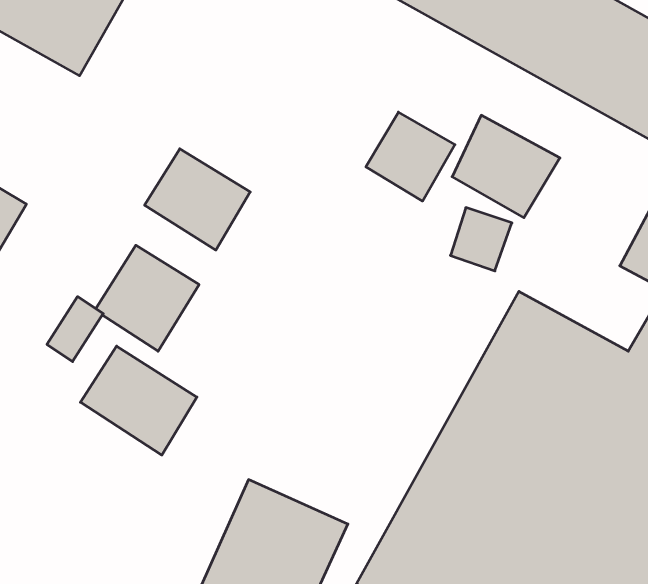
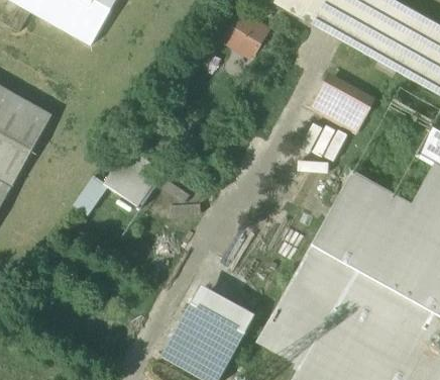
building: [366,112,455,201] -> [218,6,270,59]
building: [145,149,250,250] -> none
building: [80,346,197,455] -> none

